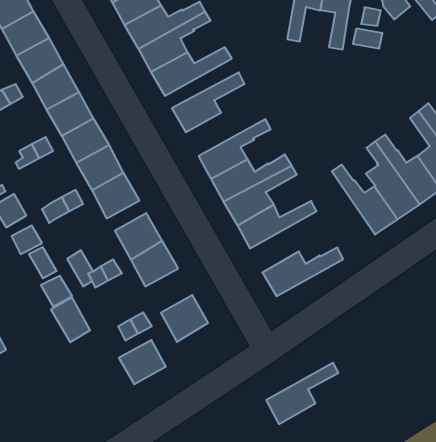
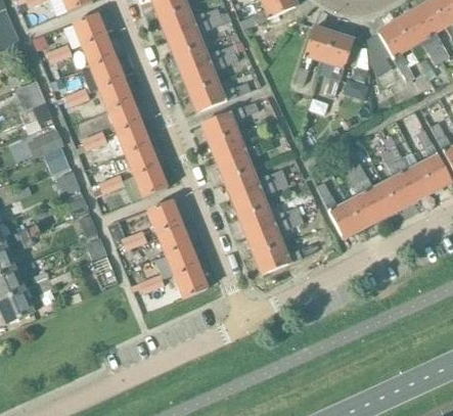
building: none -> [210,130,271,160]
building: [119,340,166,384] -> [164,243,198,275]
building: [266,363,338,424] -> [246,214,304,255]

